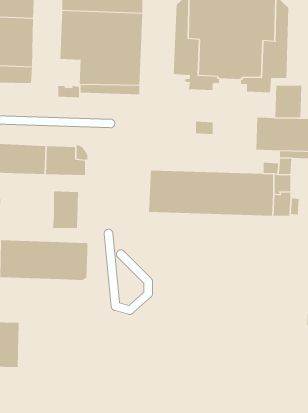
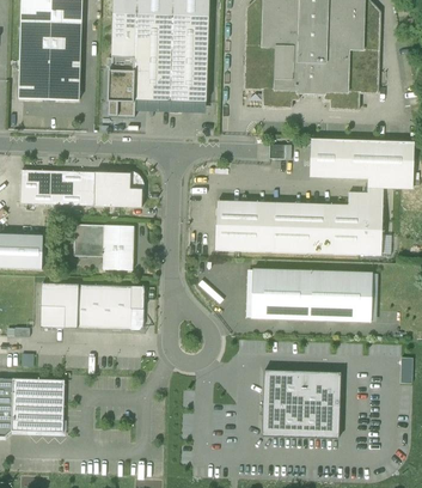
building: none -> [108,71,134,104]
building: [275,85,302,118] -> [308,139,341,177]
building: none -> [73,224,103,255]
building: none -> [250,269,372,321]
building: none -> [262,370,340,438]

